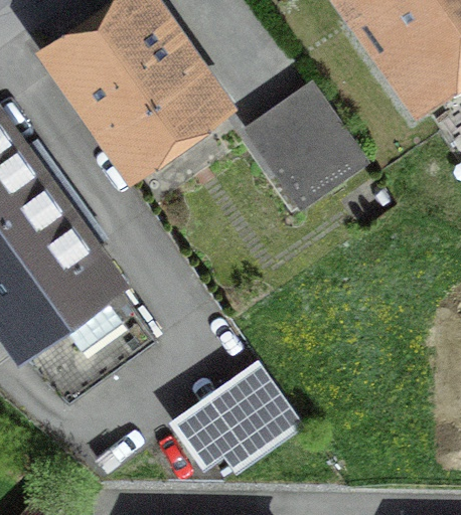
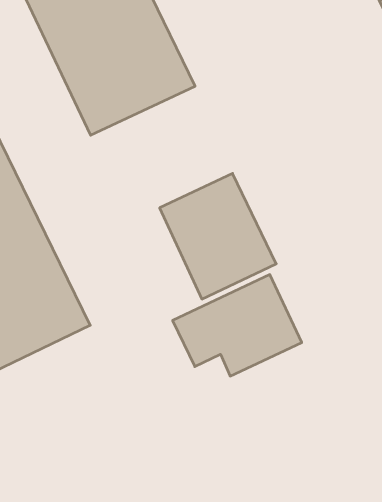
building: [242,89,355,206] -> [160,173,276,299]
building: [173,370,293,468] -> [173,275,302,376]

